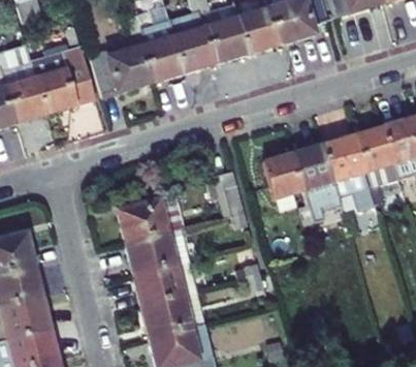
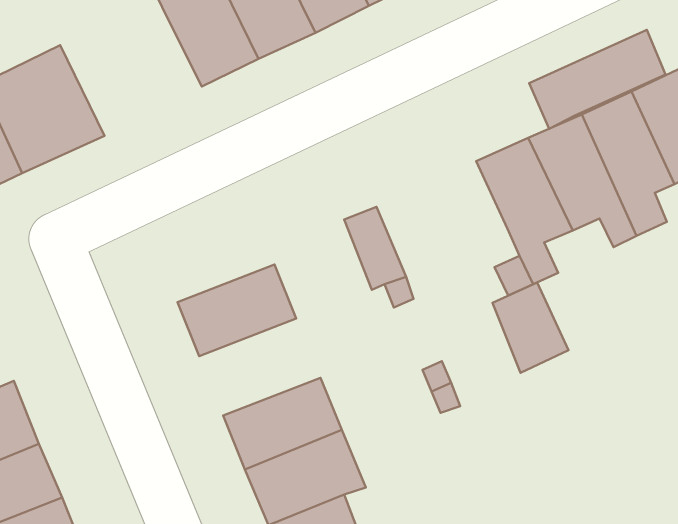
building: [89,52,150,102] -> none
building: none -> [529,30,665,129]
building: [266,150,303,197] -> [493,283,569,373]
building: [126,220,190,267] -> none

